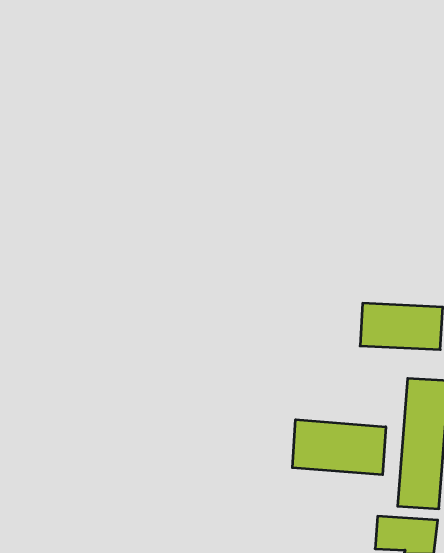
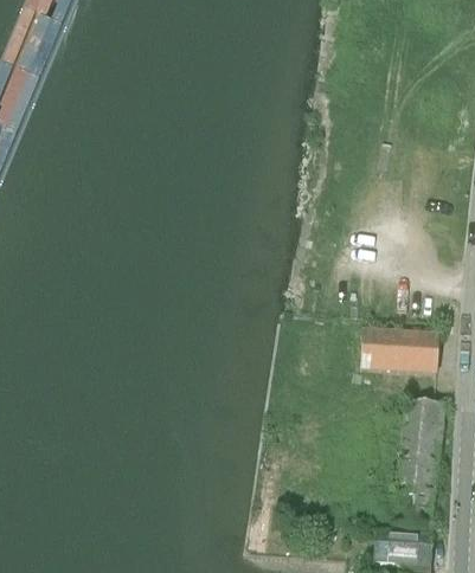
building: [292,420,386,475] -> none

